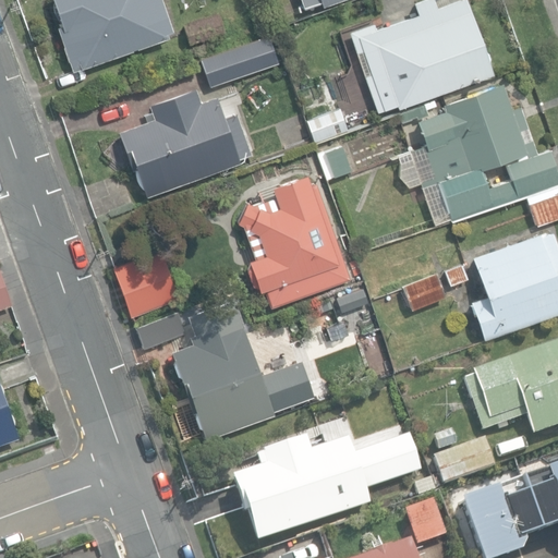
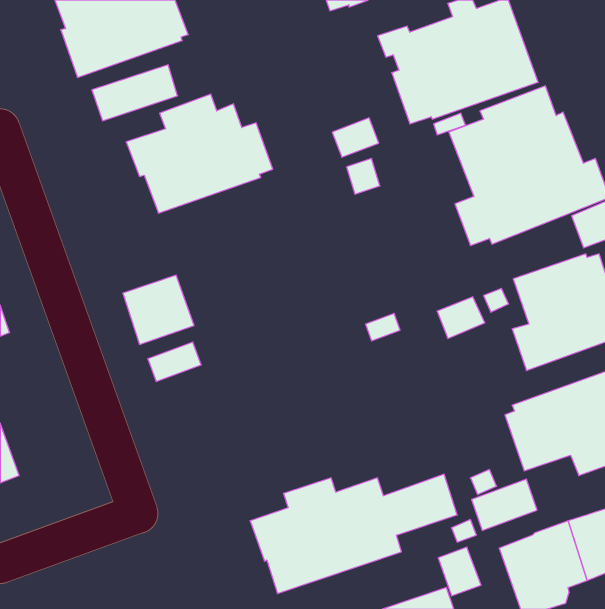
building: [202,35,280,86] -> [92,65,178,121]
building: [240,174,350,307] -> none
building: [173,299,315,439] -> none

